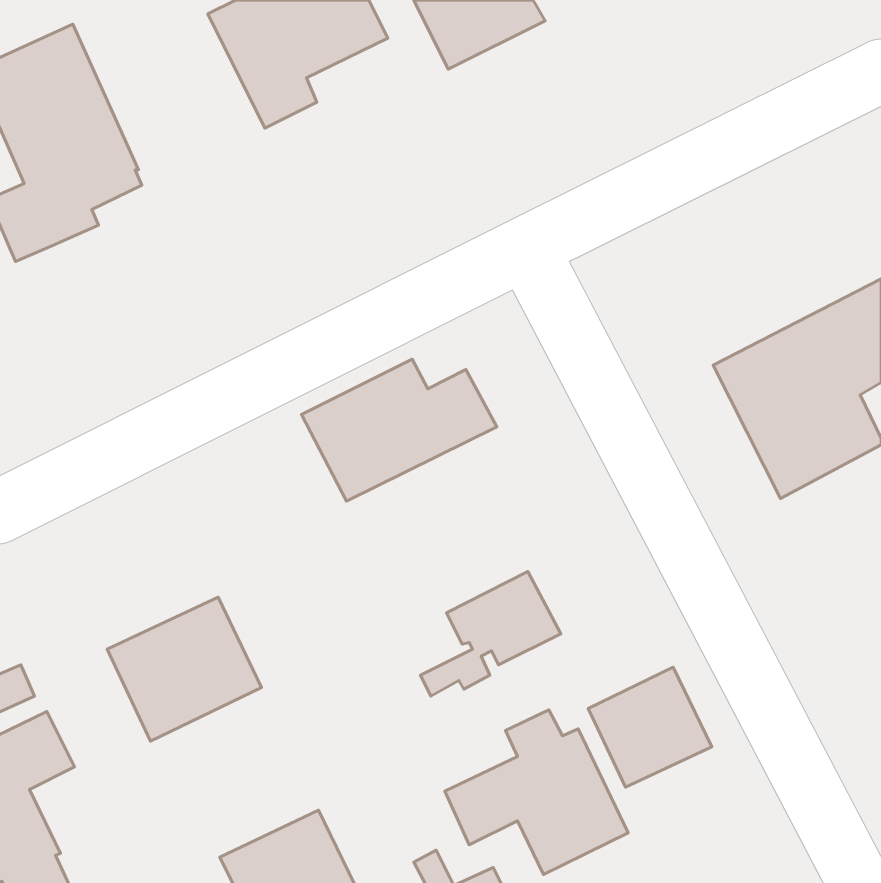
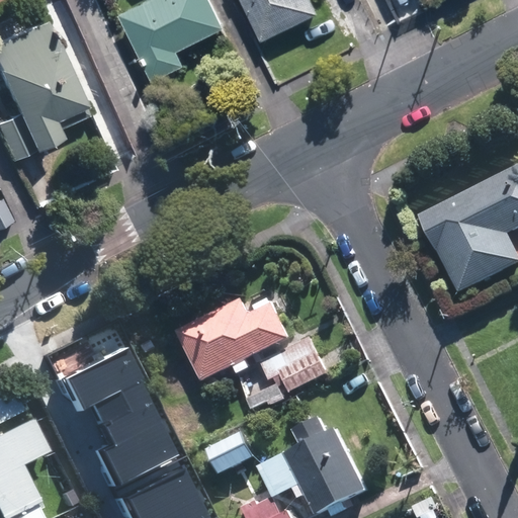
building: [301,359,497,501] -> [178,295,292,378]
building: [588,667,712,787] -> none
building: none -> [88,403,179,488]

